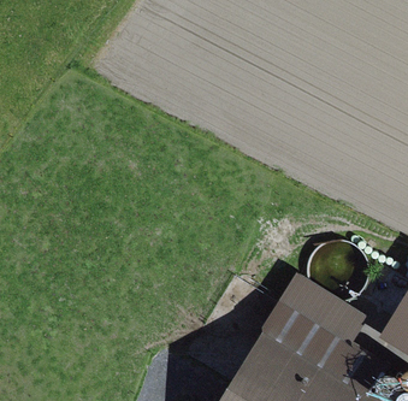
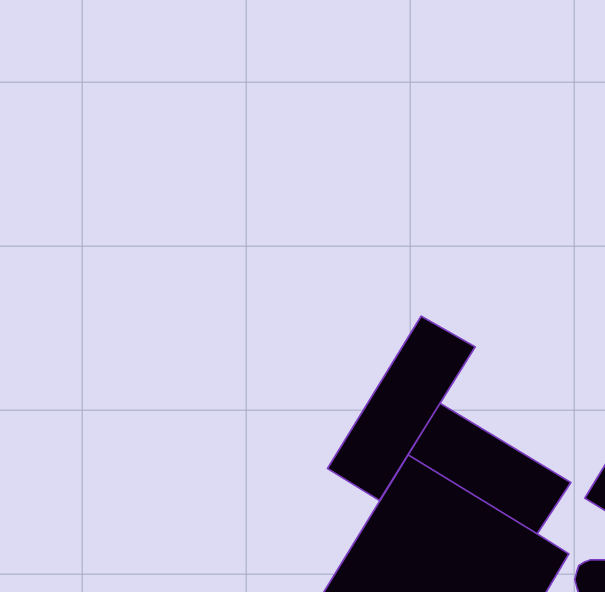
building: none -> [327,316,475,500]

